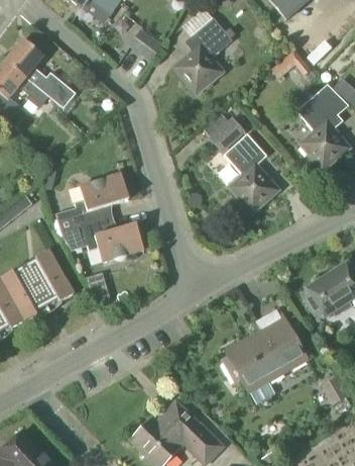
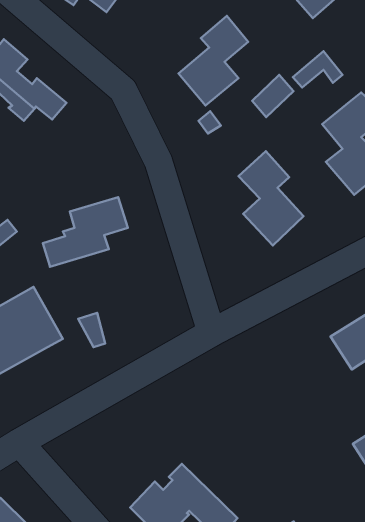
building: [130,26,164,61] -> none
building: [211,115,246,152] -> [252,75,293,117]
building: [63,217,144,262] -> none
building: [226,307,307,402] -> none

